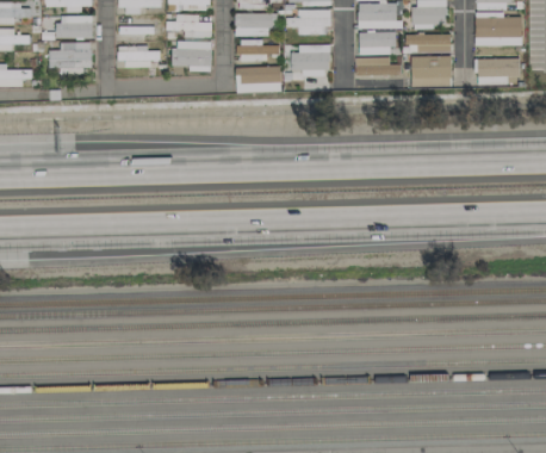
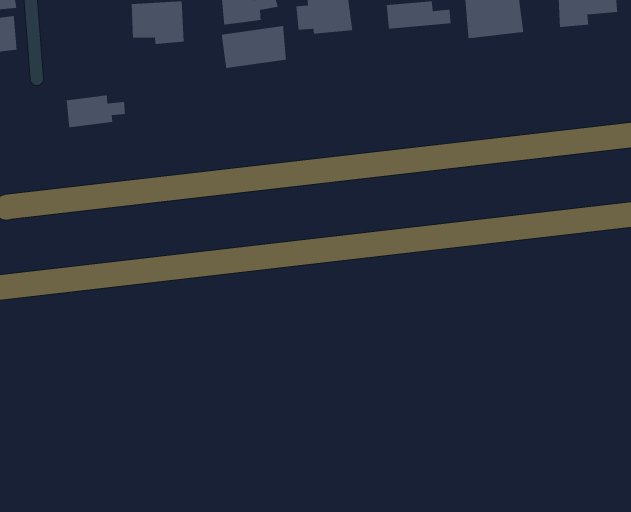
building: [118,45,160,67] -> [66,94,126,128]

